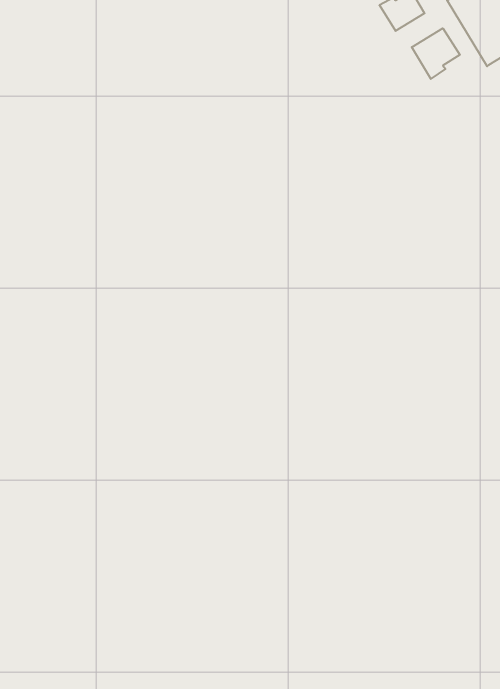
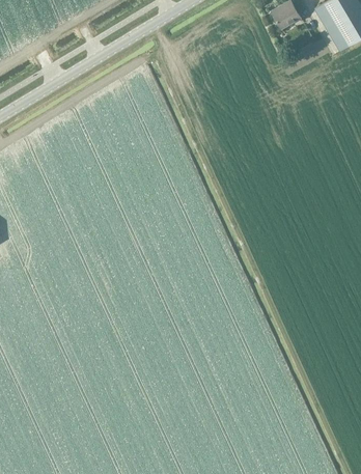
building: [412,28,460,79] -> none

